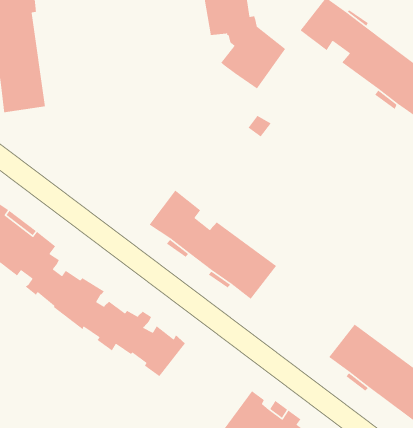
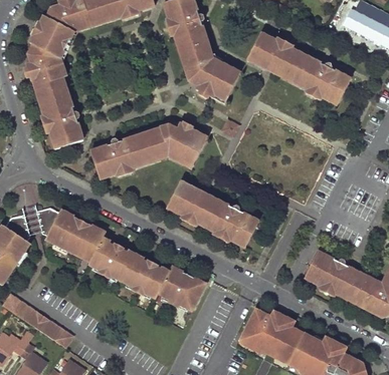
building: none -> [88,123,205,178]

